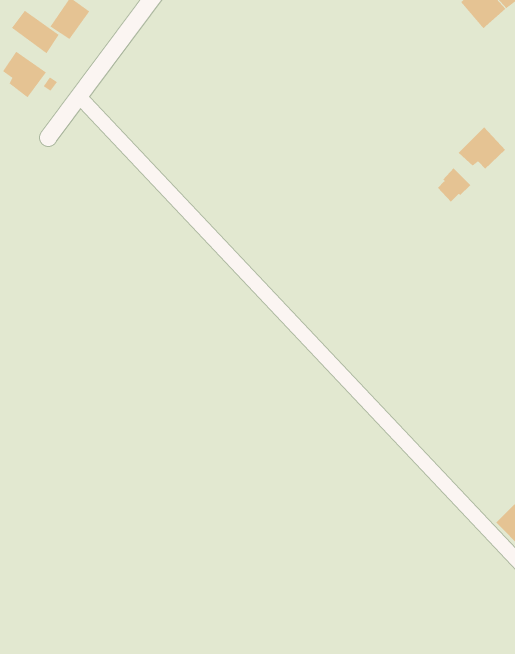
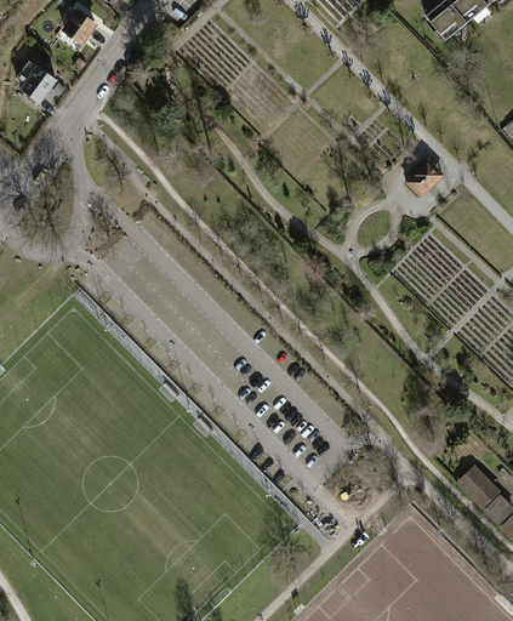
building: [11,10,60,54] -> none
building: [458,126,506,169] -> none

